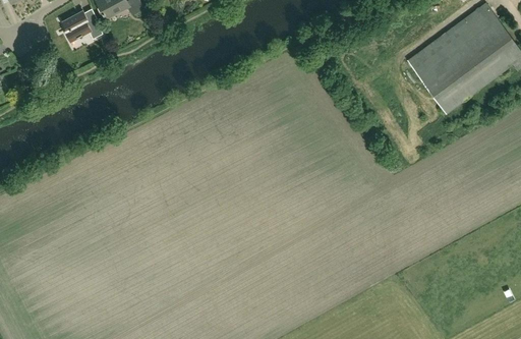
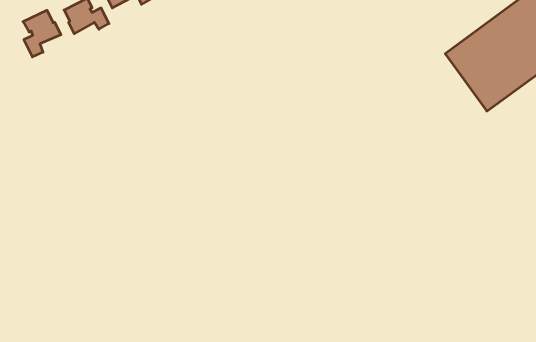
building: none -> [23,10,61,57]

